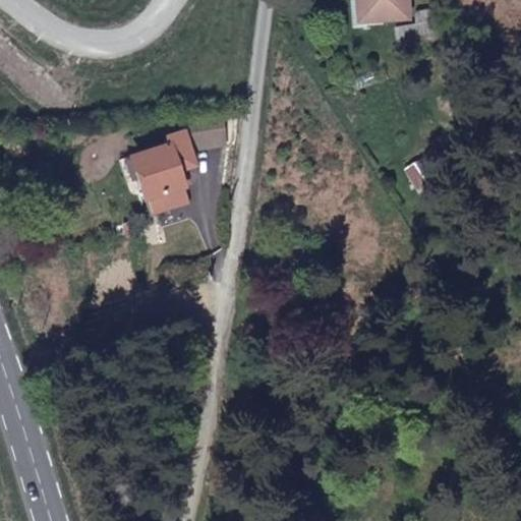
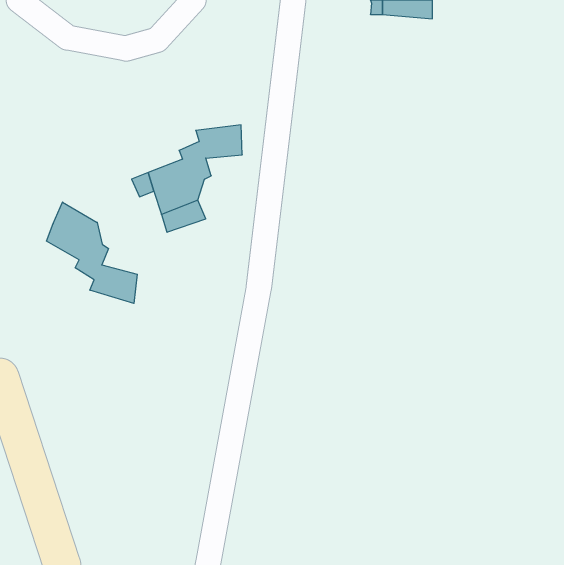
building: none -> [46,202,137,303]

